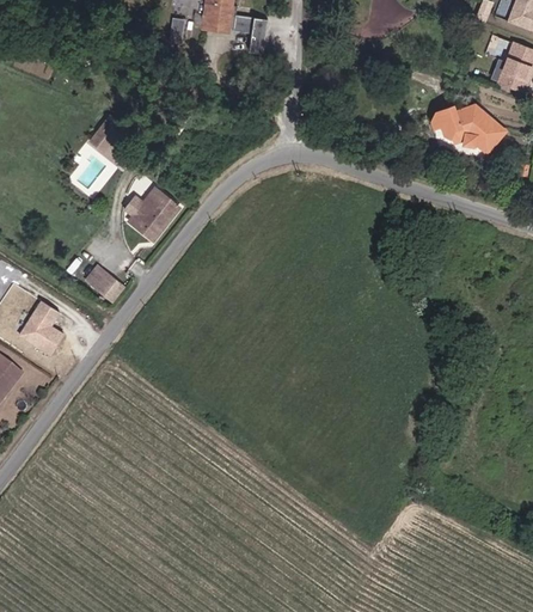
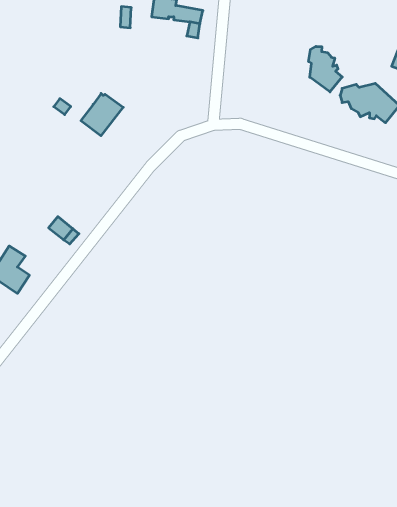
building: none -> [309,46,342,92]
building: [129,186,179,237] -> [81,93,123,136]

